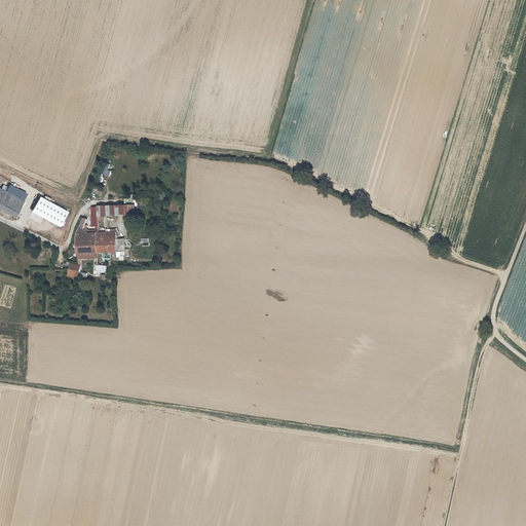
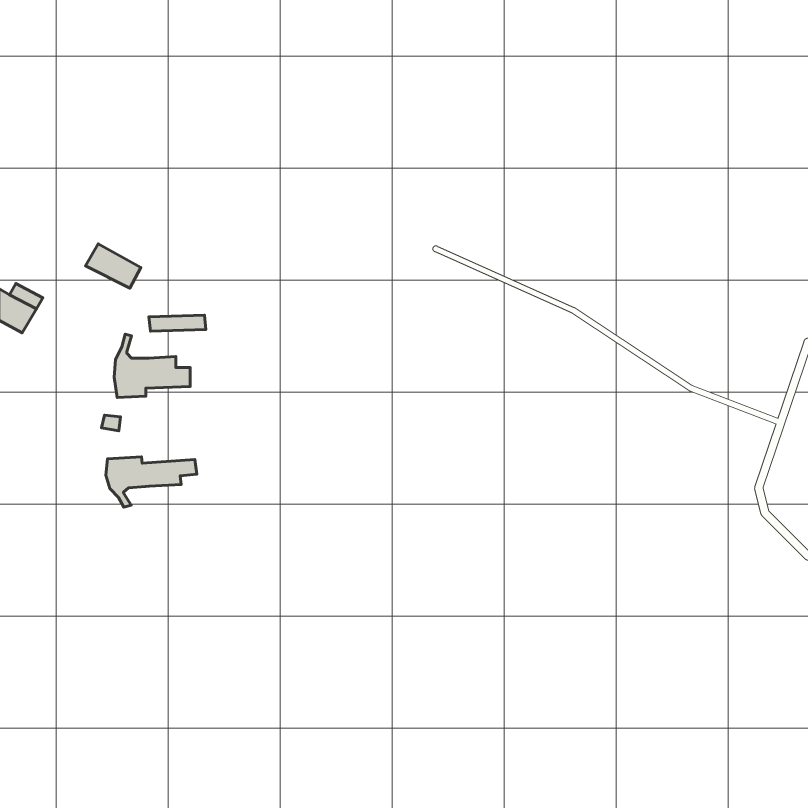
building: [32,196,68,225] -> [85,244,141,288]
building: none -> [106,457,197,507]

